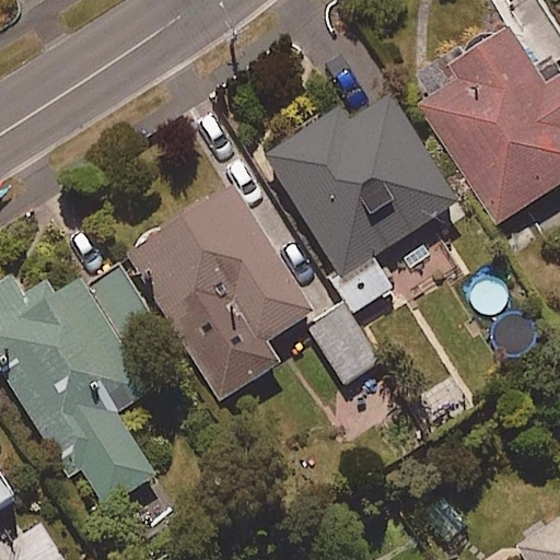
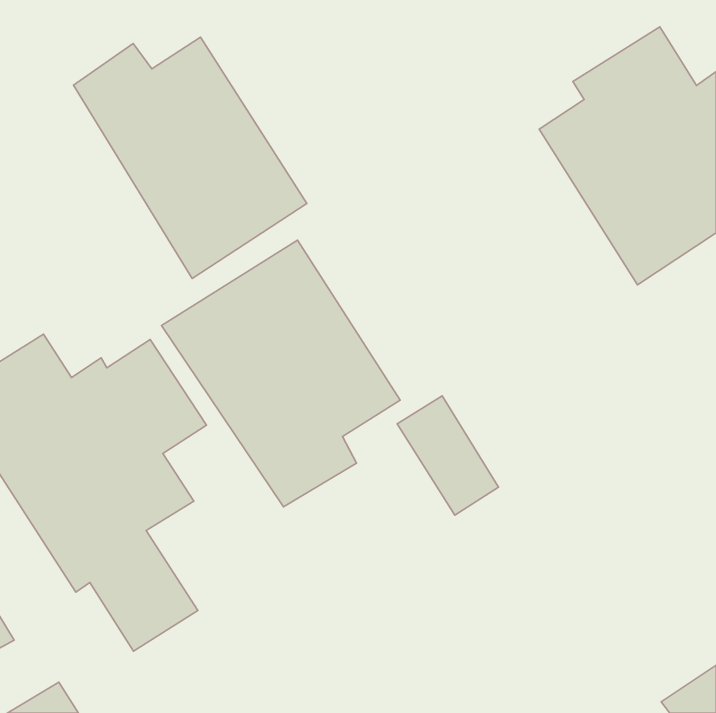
building: none -> [74,37,307,278]
building: [265,96,455,306] -> none

